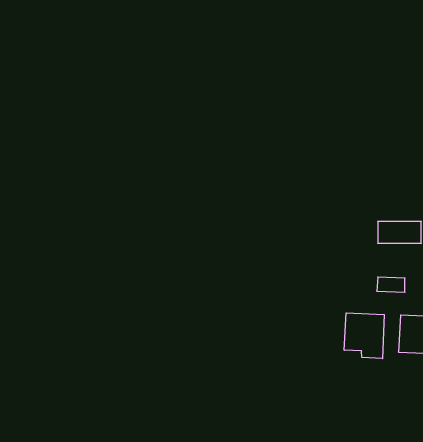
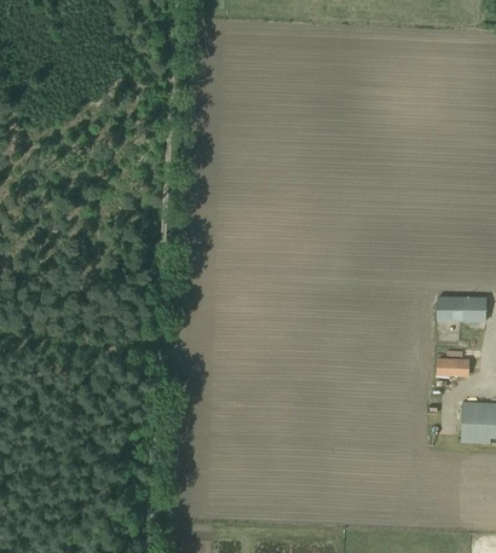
building: [344,313,384,359] -> none

